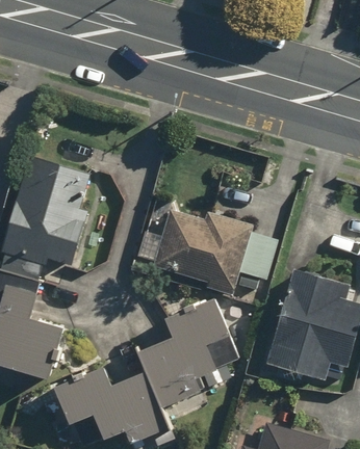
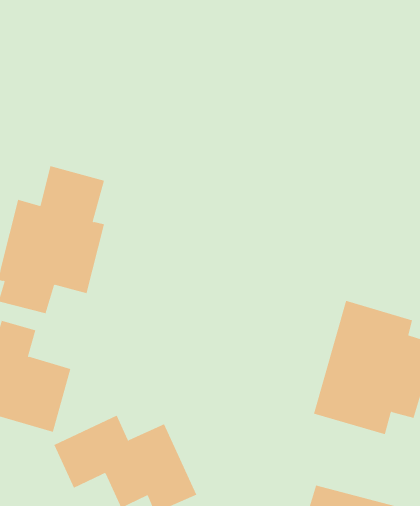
building: [156,207,277,292] -> none
building: [140,300,227,405] -> none

